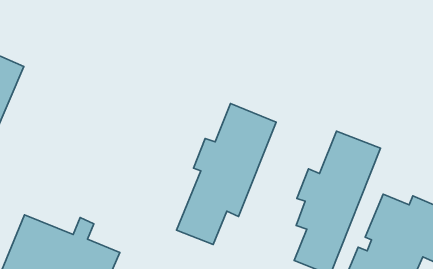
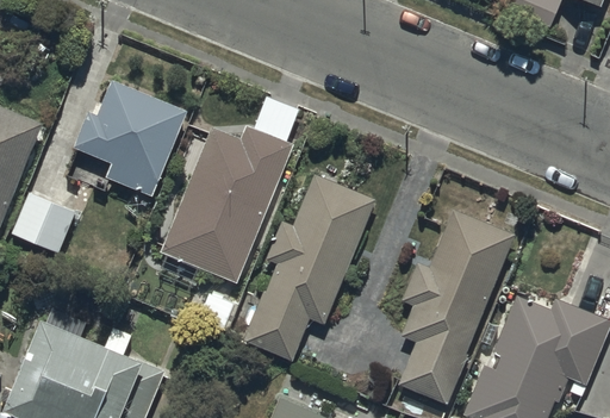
building: none -> [73,81,188,198]
building: none -> [160,123,294,283]
building: none -> [14,193,79,254]

